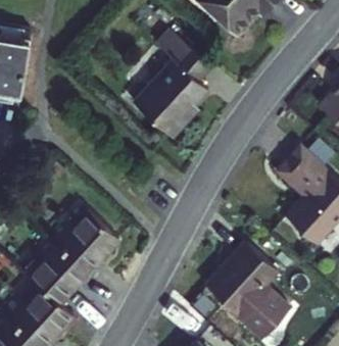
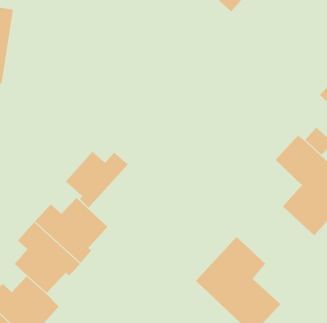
building: [133,27,210,135] -> none
building: none -> [65,151,128,208]

